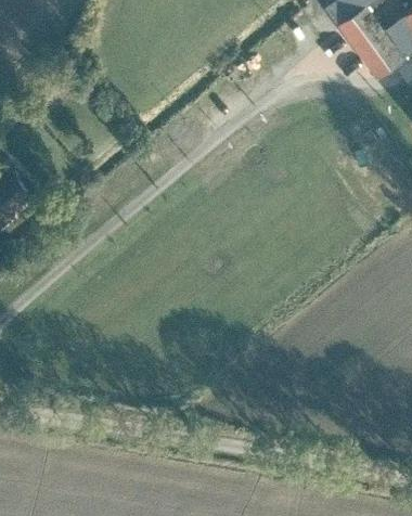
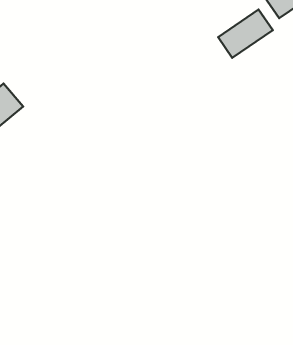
building: none -> [218,10,273,58]

